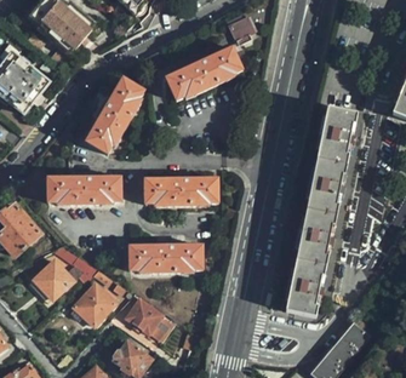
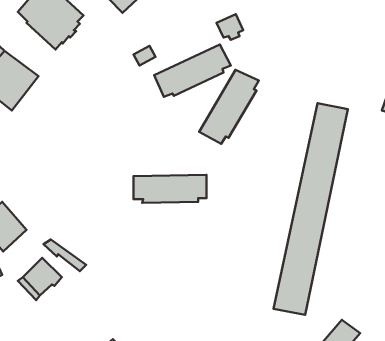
building: [85,79,144,153] -> [199,70,259,144]
building: [46,177,120,205] -> none
building: [128,245,201,273] -> none
building: [73,284,113,326] -> none
building: [126,298,161,332] -> none

